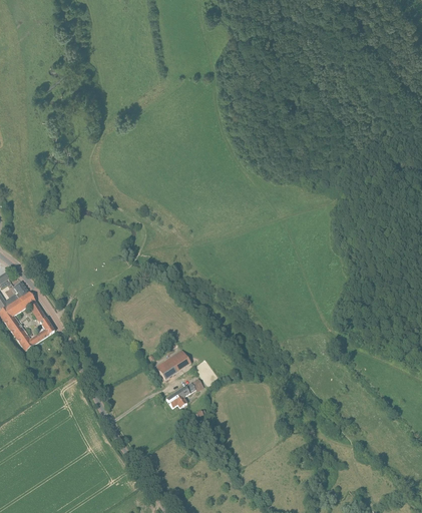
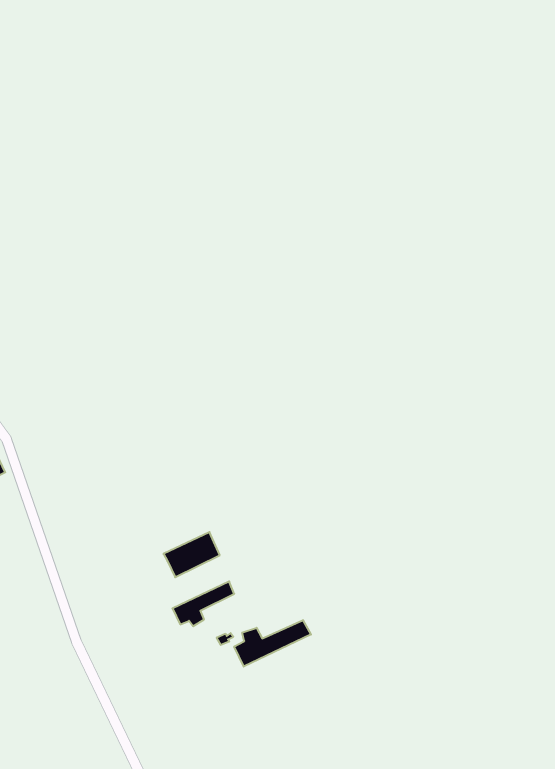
building: none -> [234,620,311,667]

